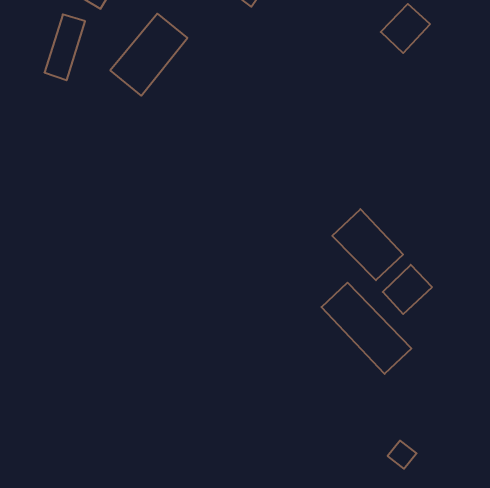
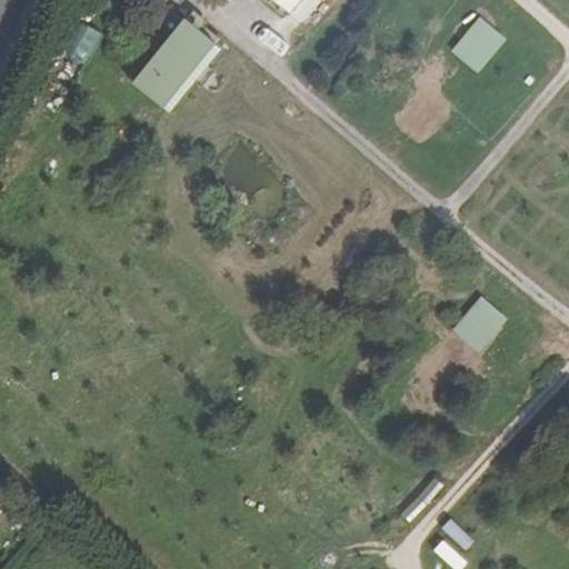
building: [332,209,403,280] -> none
building: [321,283,411,374] -> none

